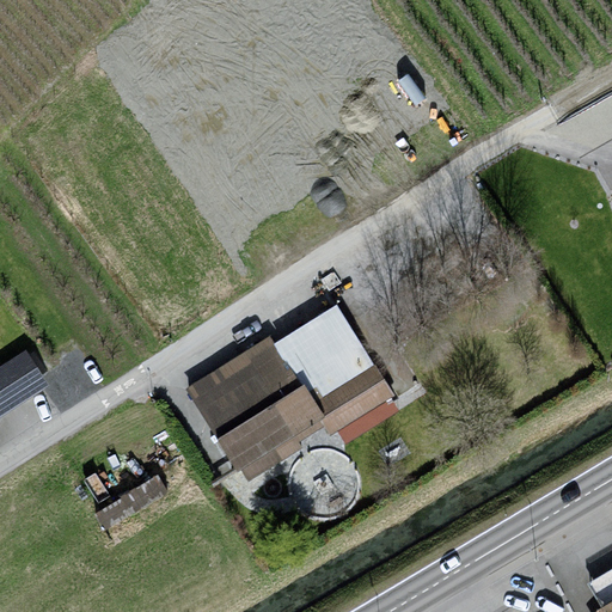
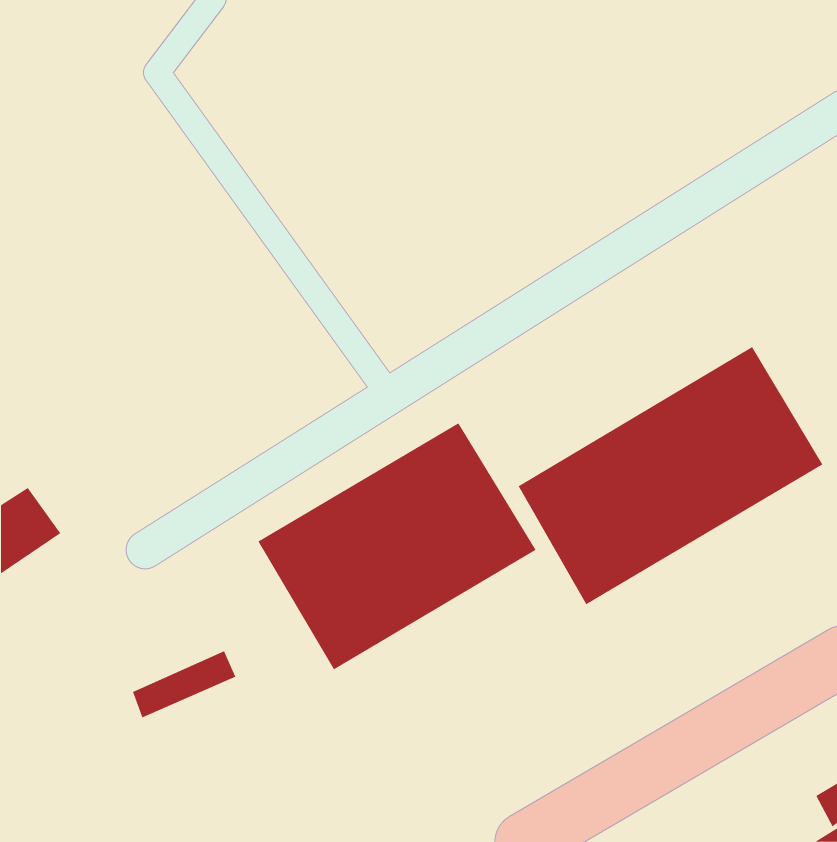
building: none -> [518,346,823,605]

